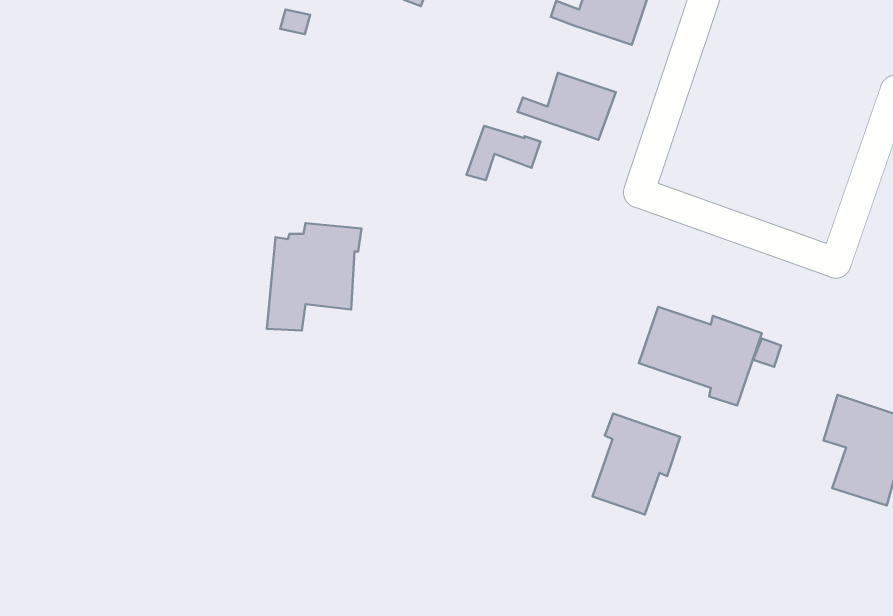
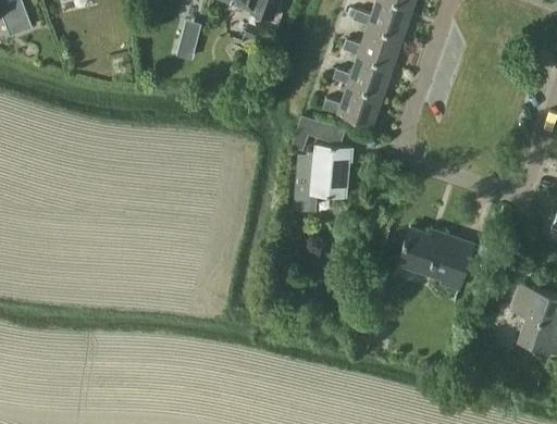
building: none -> [332,55,393,97]
building: [267,223,362,330] -> [293,146,351,212]
building: [593,414,680,514] -> none

